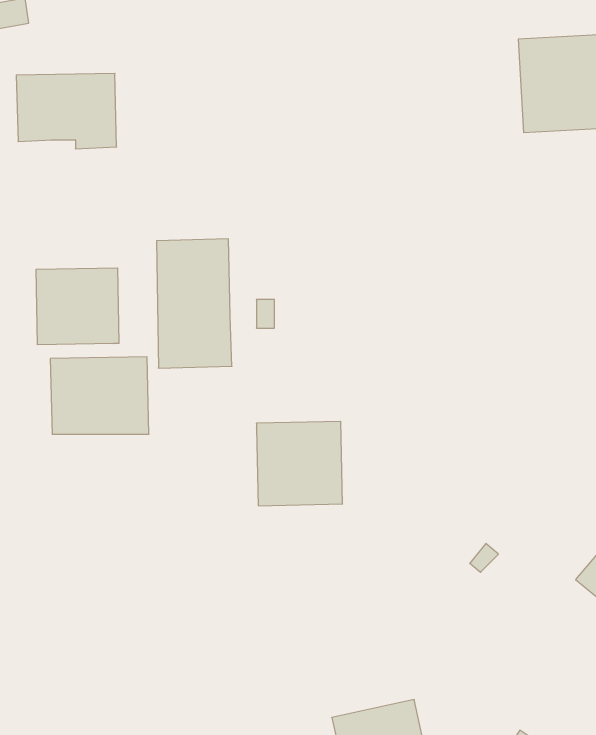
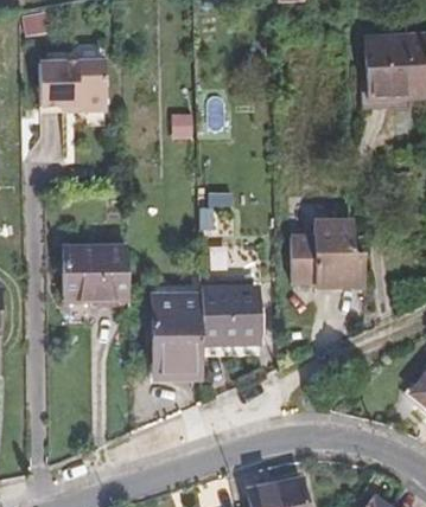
building: [157,239,232,368] -> [151,295,201,380]
building: [36,268,119,345] -> none
building: none -> [292,223,365,290]

